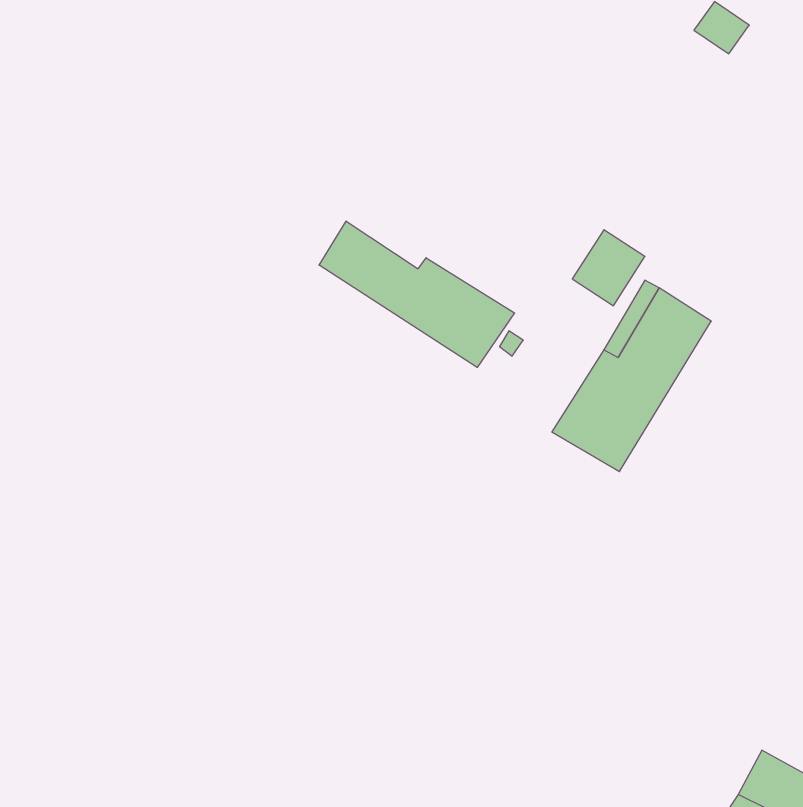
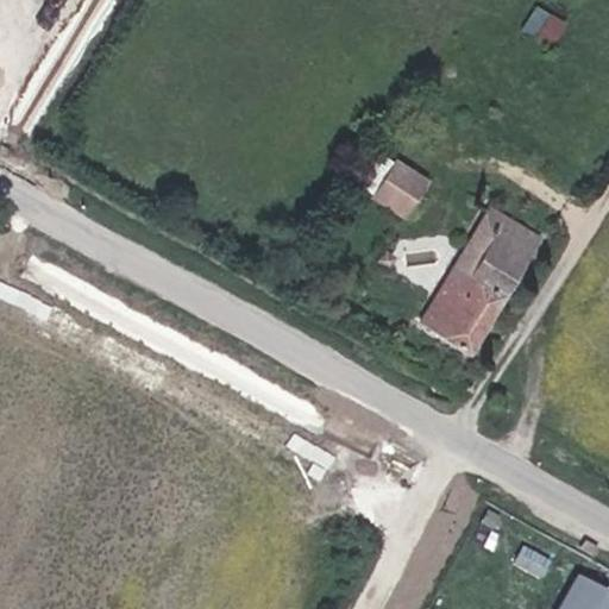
building: [319,221,515,367] -> none
building: [572,230,645,306] -> [375,159,429,216]

